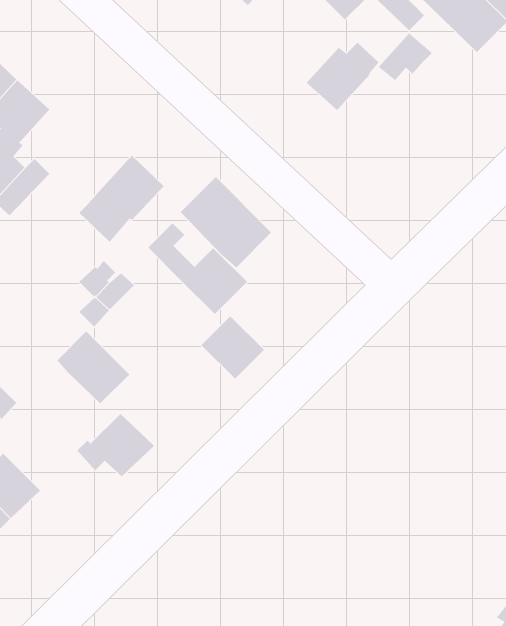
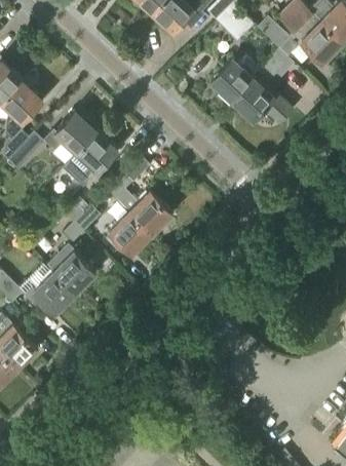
building: none -> [233,80,295,126]
building: none -> [47,114,99,165]
building: [180,176,272,268] -> none
building: [201,315,265,380] -> [111,215,153,257]
building: [76,413,155,477] -> [27,274,78,316]

